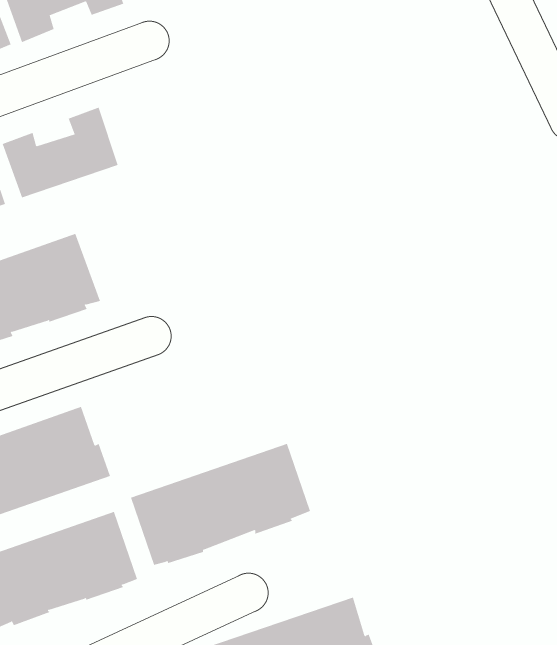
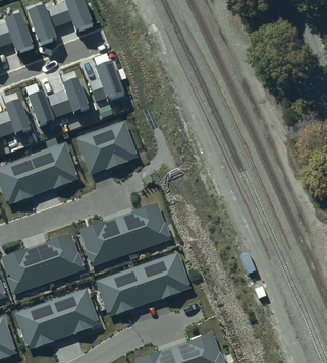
building: none -> [90,54,126,102]
building: none -> [76,121,138,174]
building: none -> [79,202,172,267]

